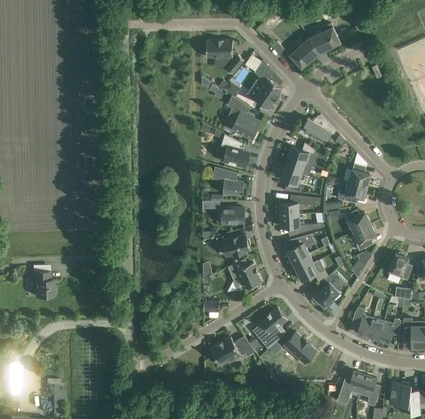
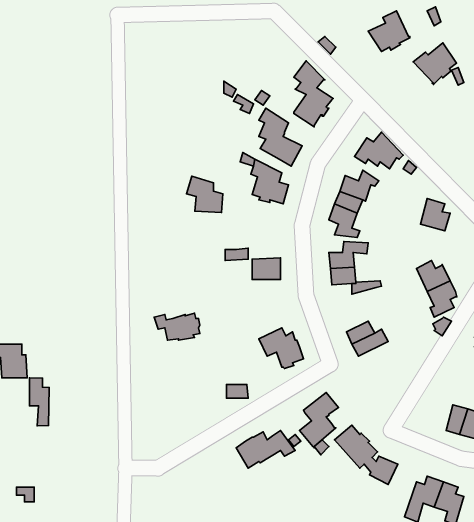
building: [287,39,320,70] -> [413,43,456,85]
building: [204,40,244,75] -> none
building: [217,169,244,196] -> [187,176,223,213]
building: [339,181,367,205] -> none
building: [287,235,315,263] -> none
building: [216,236,250,256] -> [154,313,200,340]
building: [314,275,341,307] -> none
building: none -> [30,378,49,426]
building: [352,307,373,337] -> none

